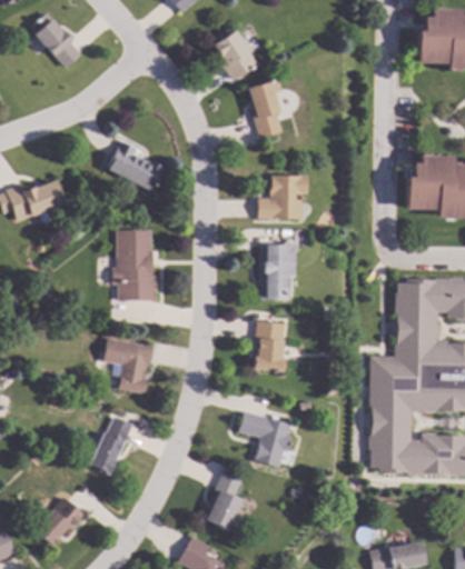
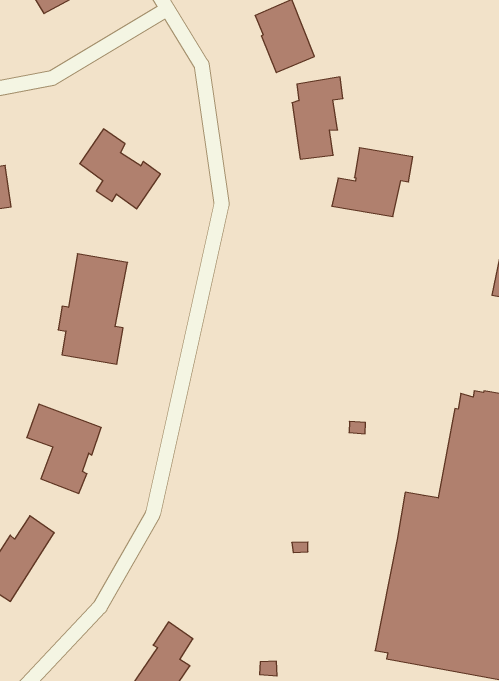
building: [257,176,307,219] -> [332,148,413,217]
building: [258,244,296,300] -> none
building: [251,321,286,372] -> none
building: [238,411,291,468] -> none

